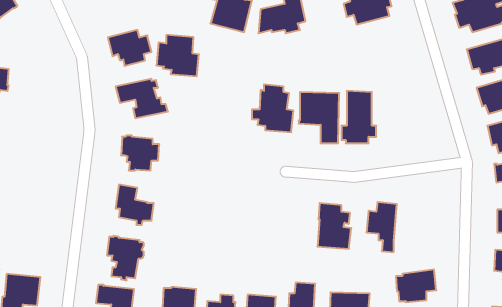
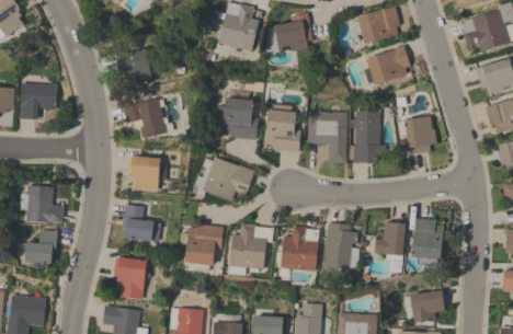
building: none -> [363,45,410,84]
building: [156,35,199,76] -> [215,97,258,139]
building: none -> [18,82,57,119]
building: none -> [400,115,436,154]
building: none -> [192,157,254,200]
building: none -> [19,185,64,223]
building: none -> [411,218,447,265]
building: none -> [228,222,273,276]
building: none -> [179,223,223,272]
building: none -> [280,224,318,276]
building: none -> [16,229,57,263]

